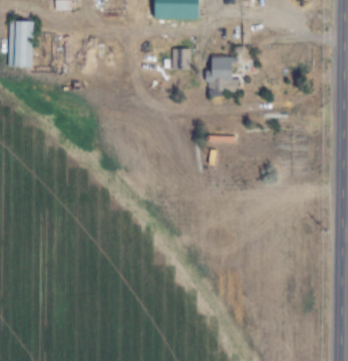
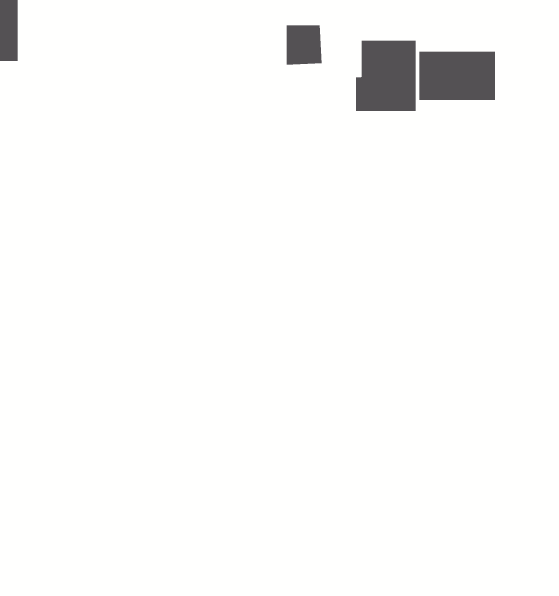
building: none -> [419,51,496,101]

